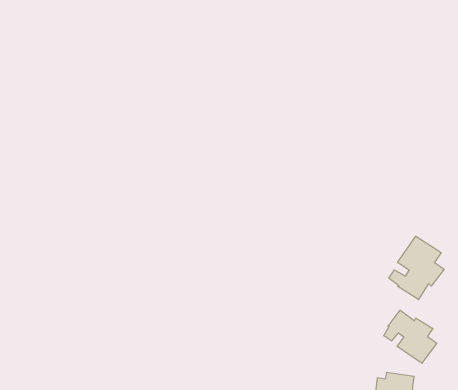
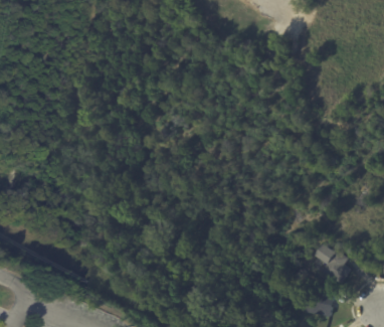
building: [389,236,444,300] -> none

